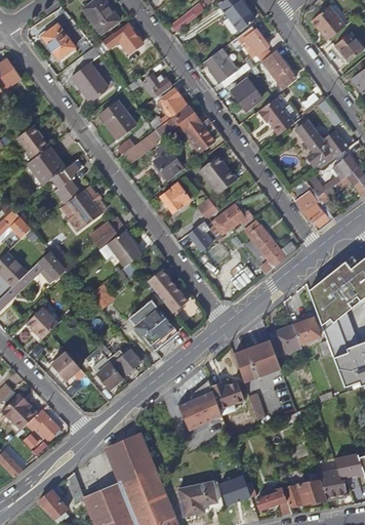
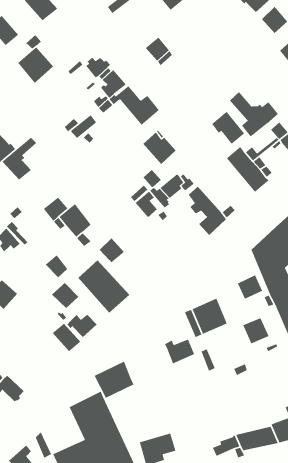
building: [103,24,143,48] -> none
building: [236,26,267,56] -> none
building: [262,51,295,87] -> none
building: [231,79,260,110] -> none
building: [257,97,293,134] -> [211,110,245,145]
building: [99,100,135,138] -> none
building: [154,143,182,178] -> none
building: [160,183,190,213] -> none
building: [60,186,106,230] -> none
building: [159,285,187,313] -> none
building: [272,325,300,354] -> [242,317,270,344]
building: [50,352,80,380] -> [51,282,79,309]
building: [178,390,221,430] -> [94,360,134,399]
building: [218,475,250,504] -> none

